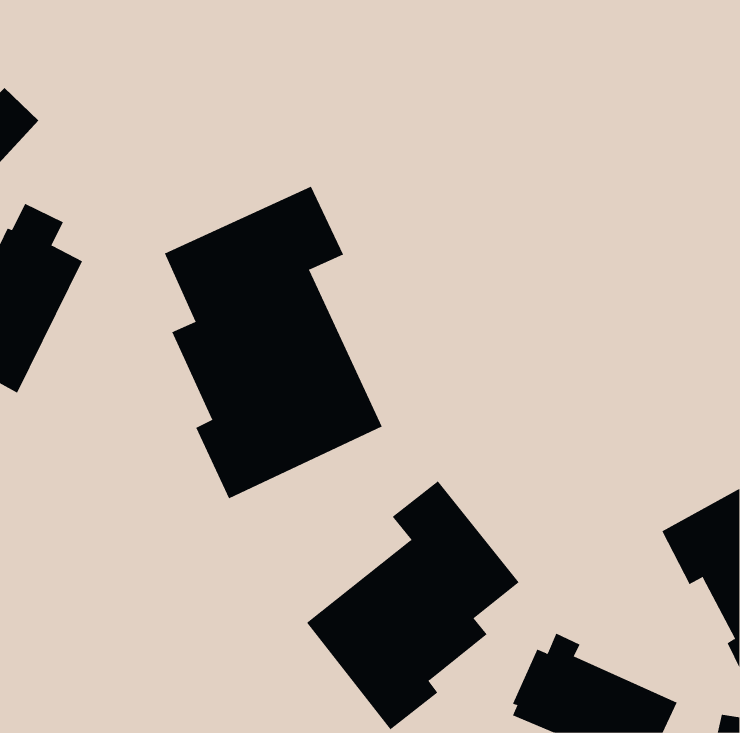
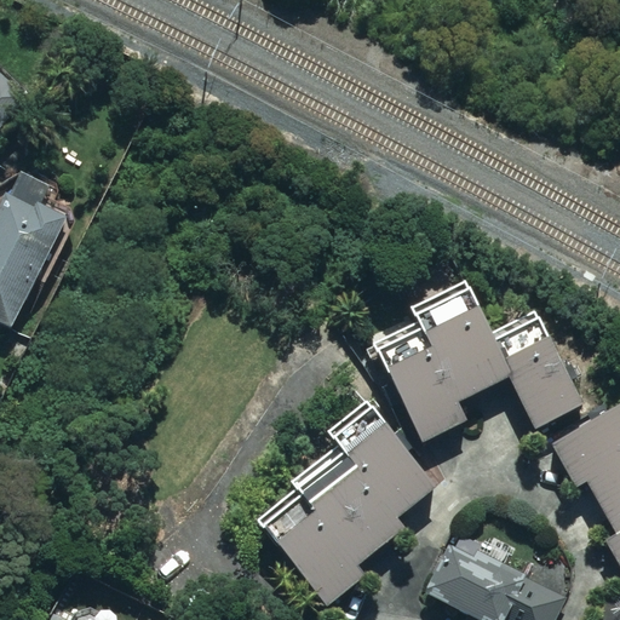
building: [164,186,382,499] -> none
building: none -> [372,276,586,443]

